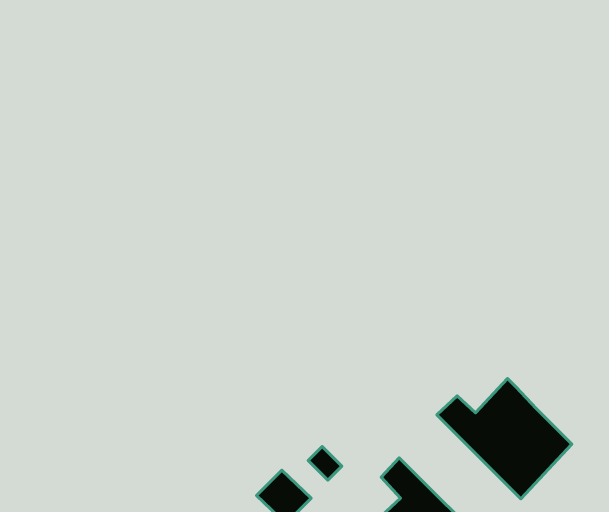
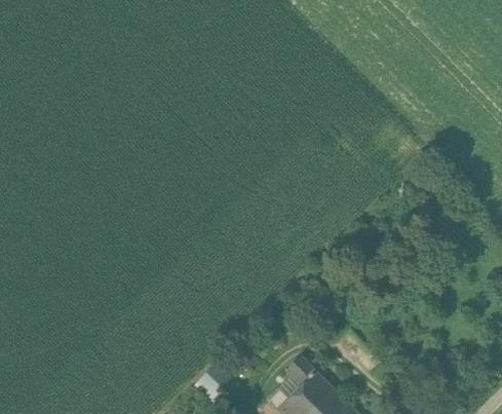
building: [437,378,572,499] -> none

